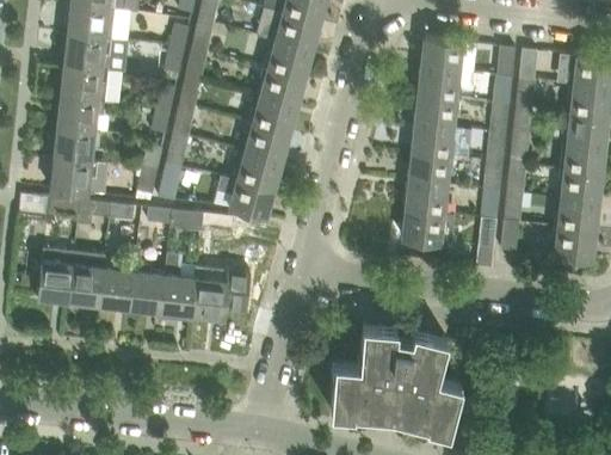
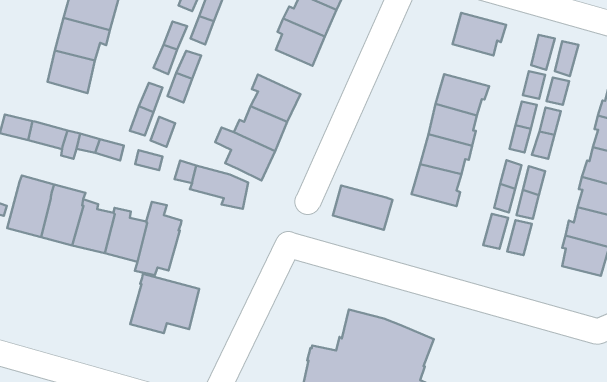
building: [418,69,462,103] -> none
building: [247,99,296,136] -> none
building: [51,160,97,196] -> none
building: [401,213,453,247] -> [333,186,392,230]
building: [192,269,251,320] -> [130,274,199,333]

